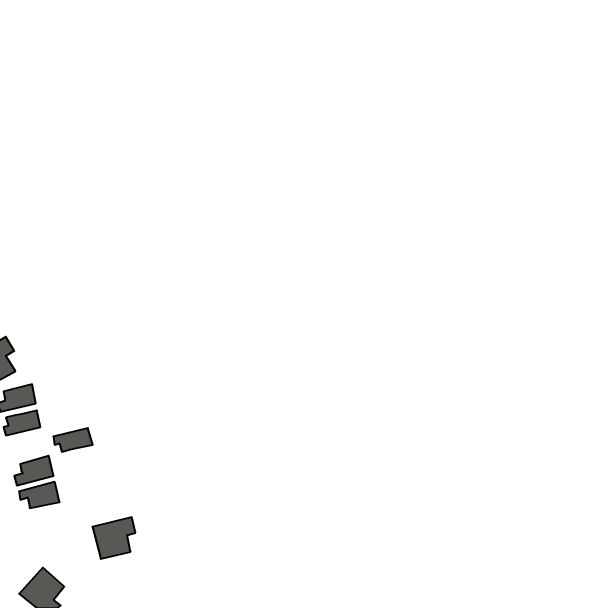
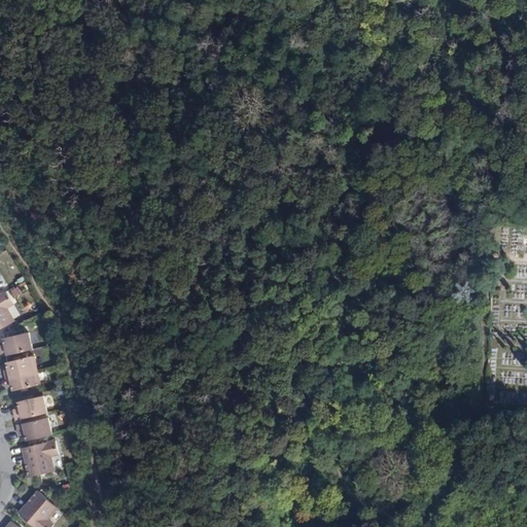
building: [53,428,93,452] -> [5,370,39,390]
building: [92,517,135,559] -> [21,441,58,477]

